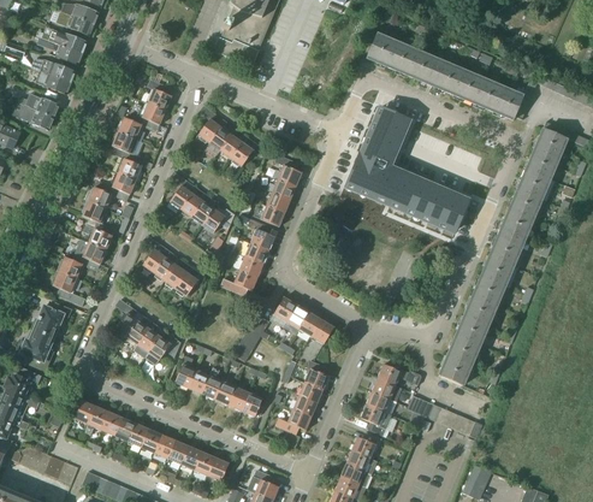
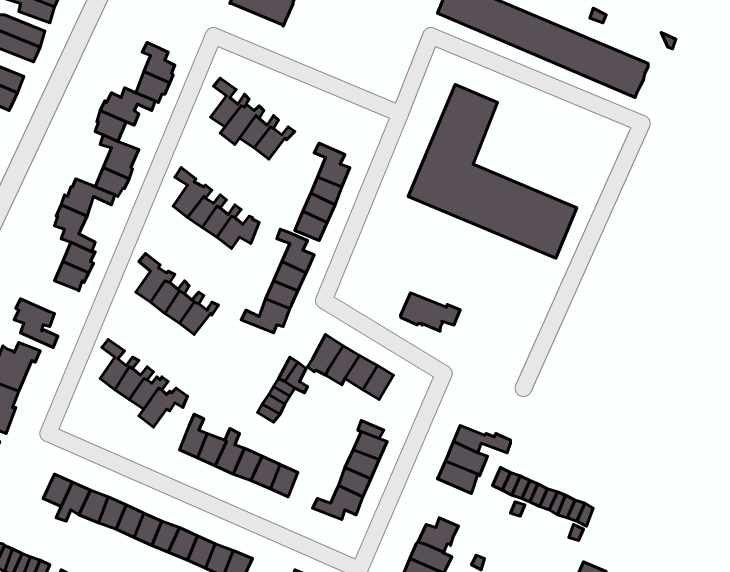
building: [437,129,567,385] -> none
building: [57,253,97,279] -> none
building: none -> [401,293,460,331]
building: [360,403,391,437] -> none

